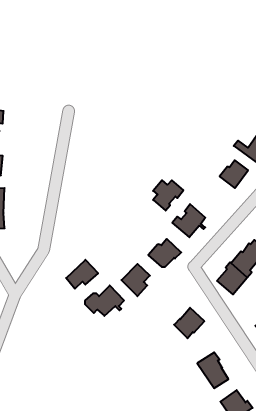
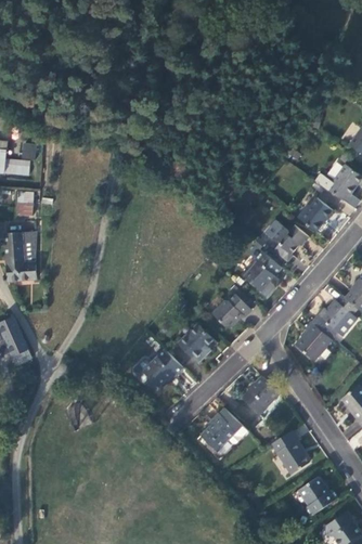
building: [153,180,183,211] -> [272,225,309,262]
building: [66,260,98,289] -> none
building: none -> [202,409,249,451]

